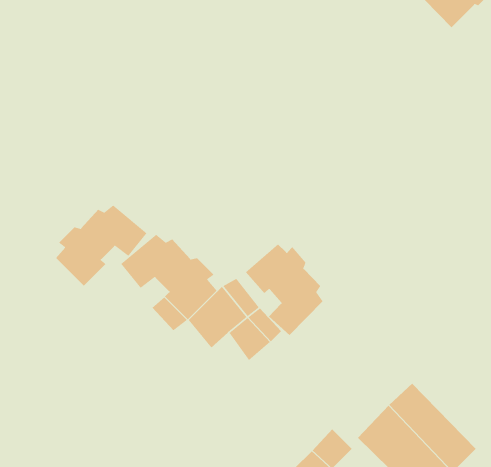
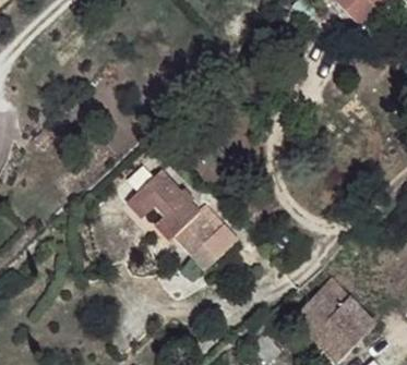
building: [55,205,148,286] -> none
building: [245,243,323,336] -> none

